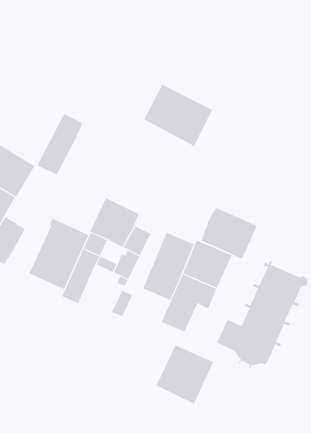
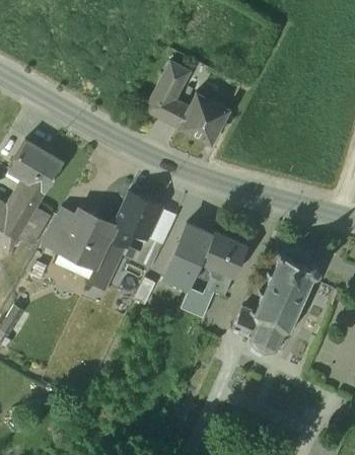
building: [37,113,83,175] -> [146,59,190,117]
building: [201,207,257,259] -> none
building: none -> [43,208,78,249]
building: [156,345,214,405] -> none

